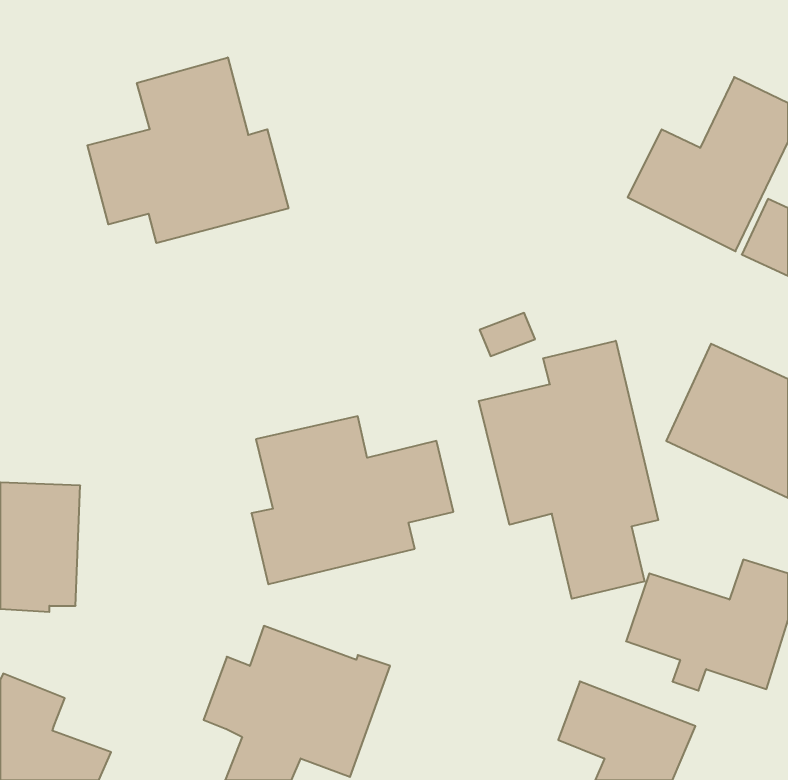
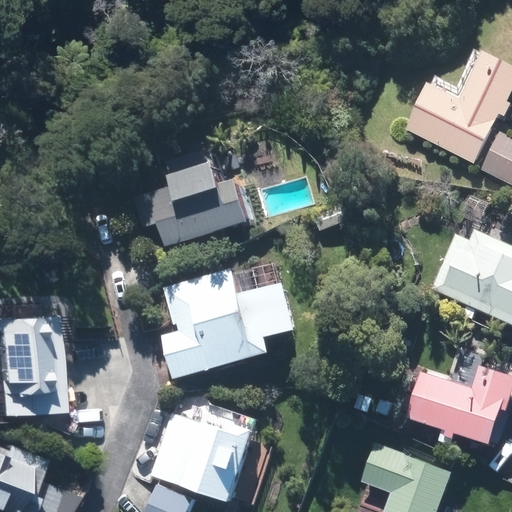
building: [87,57,288,243] -> none
building: none -> [136,153,251,248]
building: [479,341,658,599] -> none

